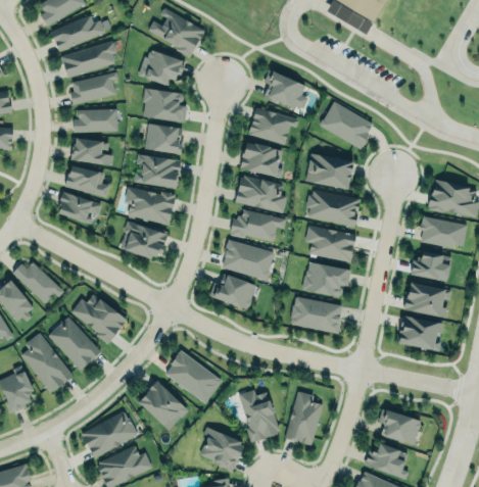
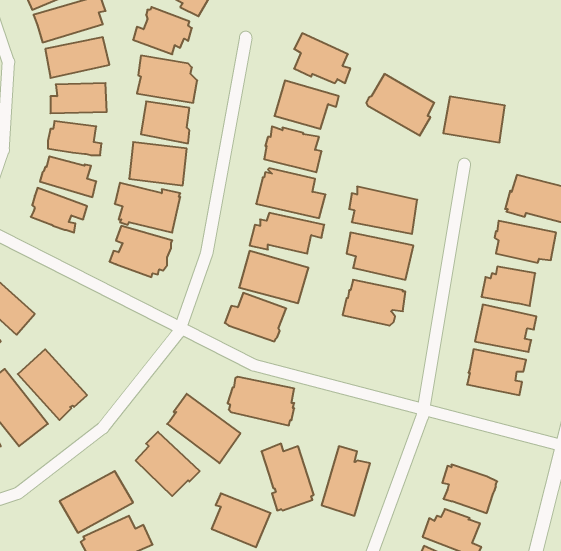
building: [305,153,353,189] -> [443,96,505,142]
building: [71,293,127,343] -> none
building: [289,296,341,334] -> [227,377,294,425]

